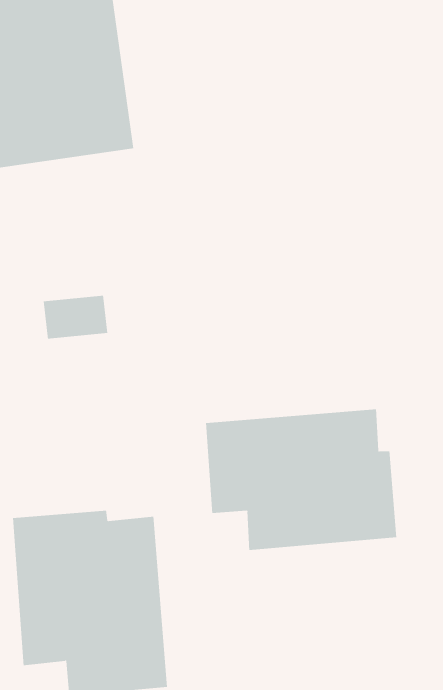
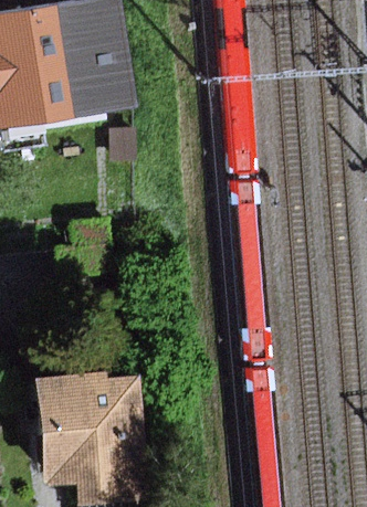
building: [206,409,397,551] -> none

